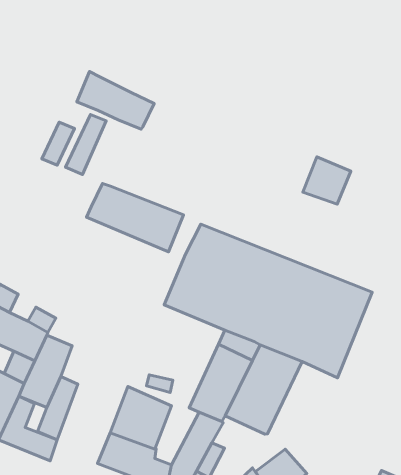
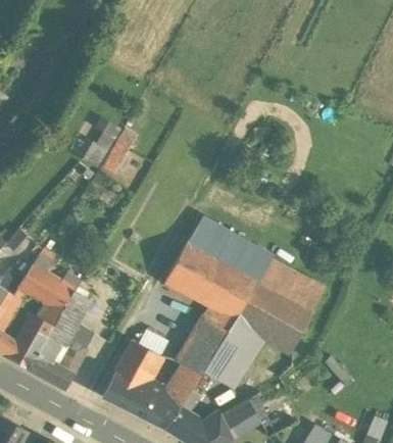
building: [77,72,154,129] -> none
building: [303,157,351,204] -> none
building: [87,183,183,252] -> none

